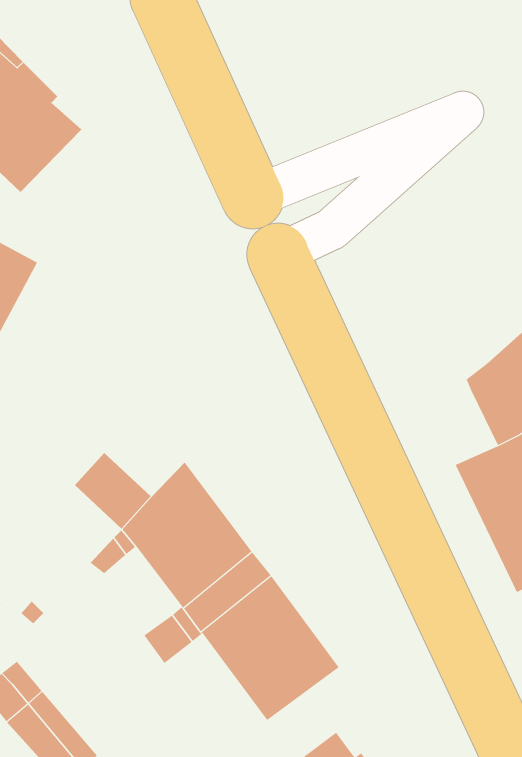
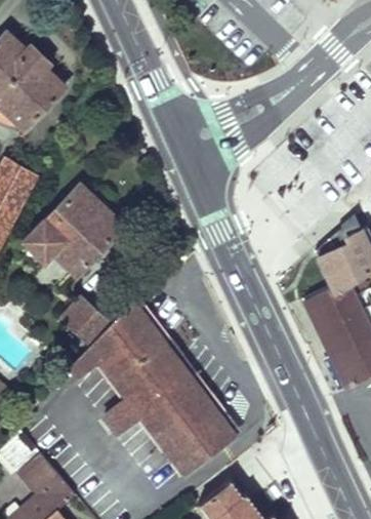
building: none -> [25,186,122,275]

